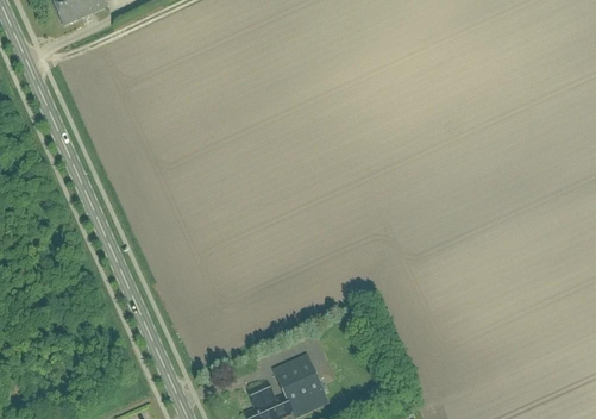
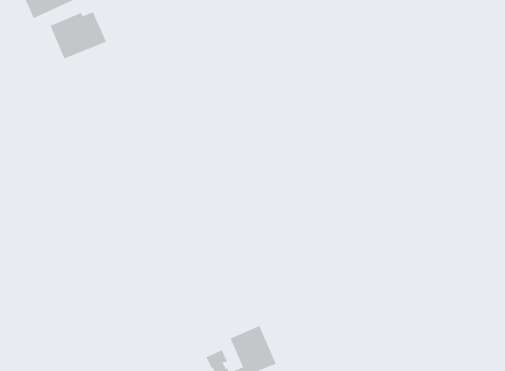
building: none -> [50,11,107,59]

